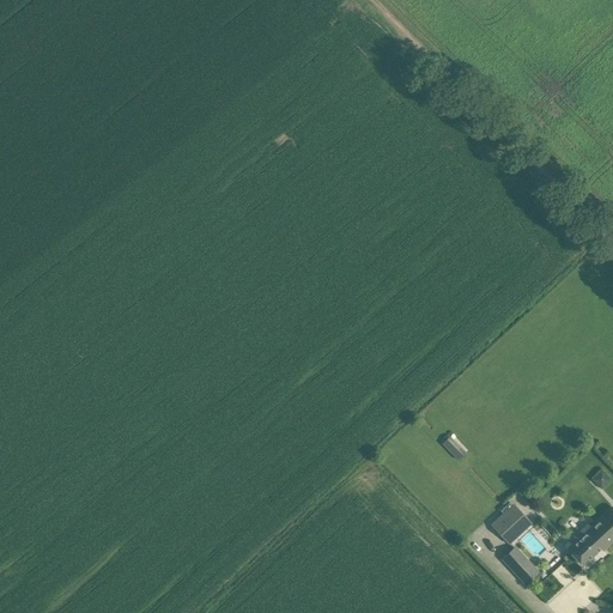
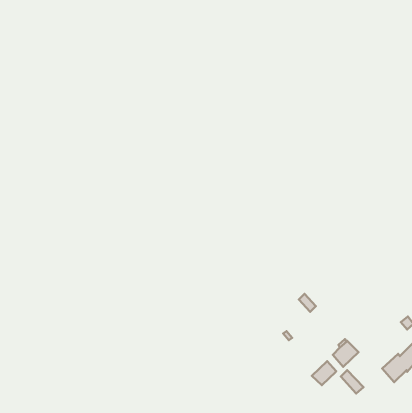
building: none -> [312,361,336,385]

